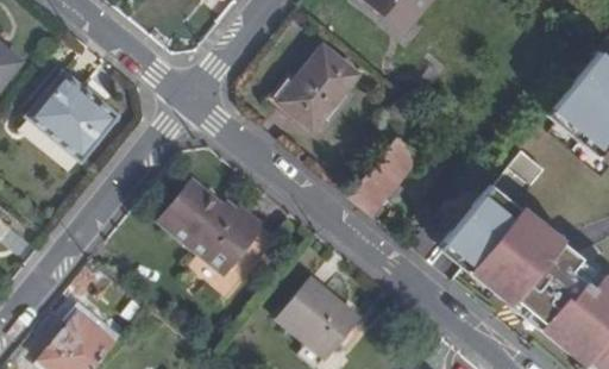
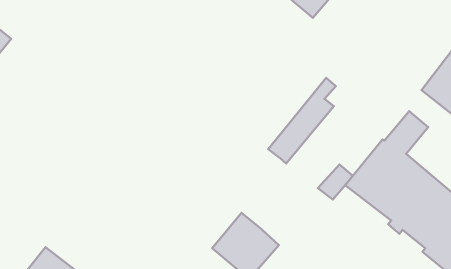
building: [275,45,356,129] -> none
building: [26,64,119,155] -> none
building: [158,186,262,276] -> none

